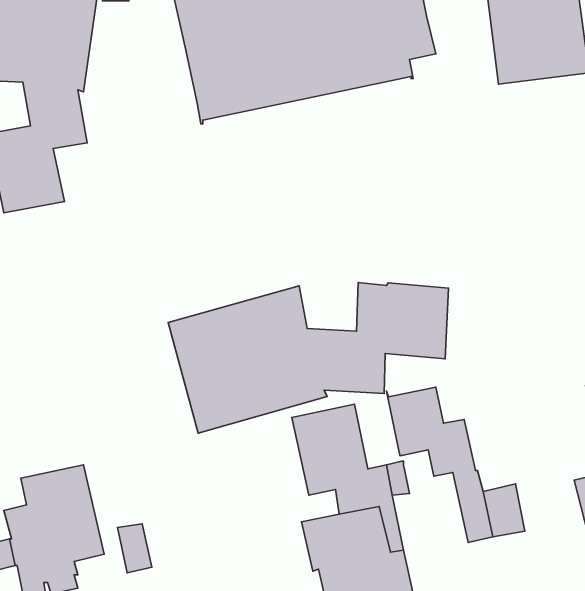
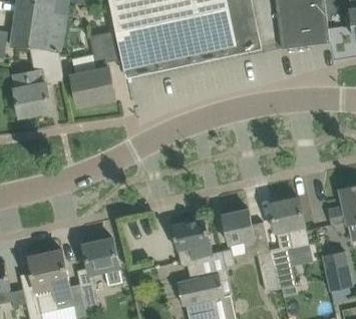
building: none -> [70,30,121,105]
building: [168,282,448,433] -> none
building: none -> [269,197,308,249]
building: none -> [82,238,122,285]

